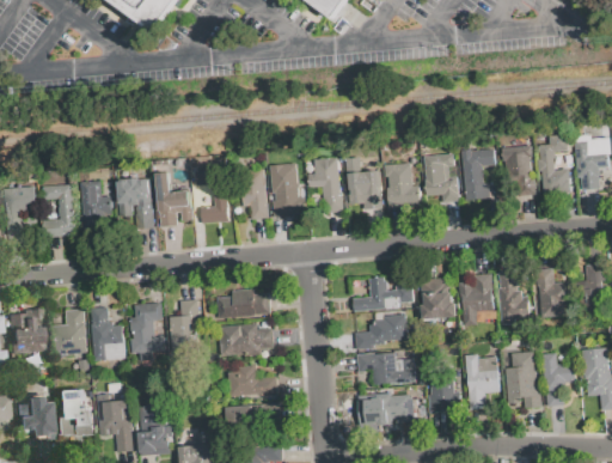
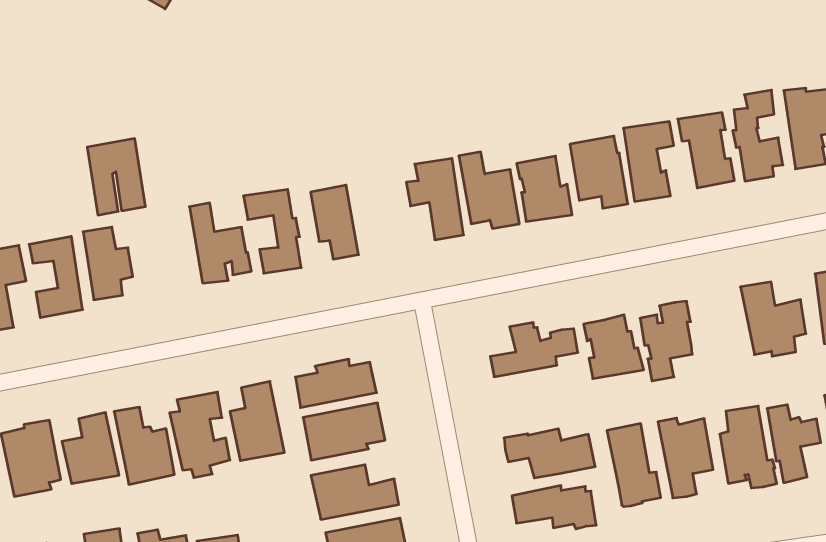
building: [273,171,306,214] -> none
building: [117,178,153,229] -> [87,139,145,215]
building: [497,270,528,323] -> none
building: [355,313,409,348] -> none

